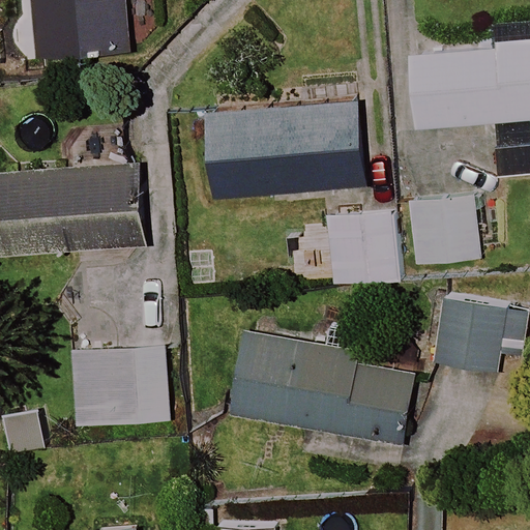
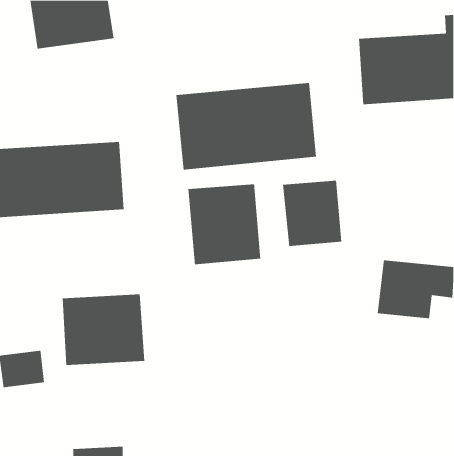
building: [409,195,476,263] -> none
building: none -> [188,183,261,265]
building: [231,333,415,445] -> none

